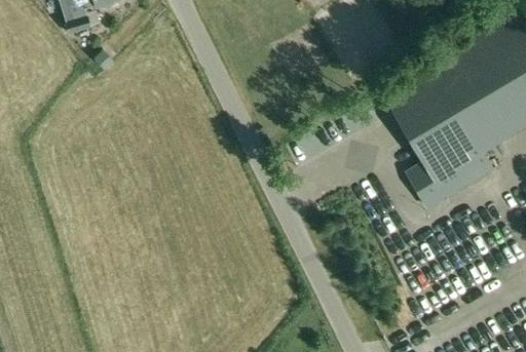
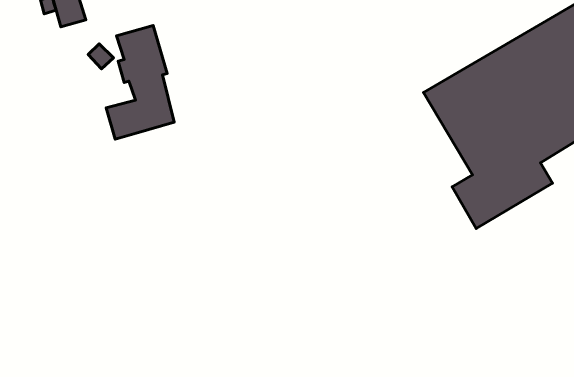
building: none -> [106,26,174,139]

